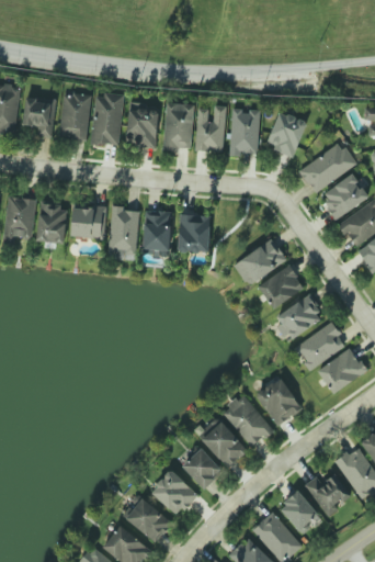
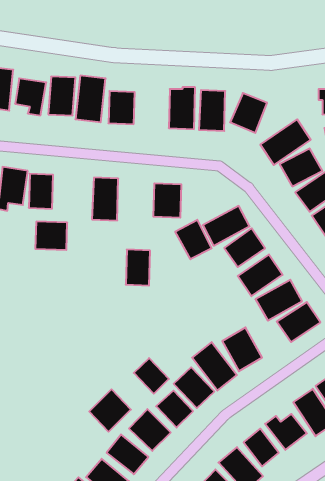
building: [163,103,193,149] -> none
building: [70,206,106,238] -> [35,222,67,250]
building: [144,211,171,251] -> [126,250,150,286]
building: none -> [175,220,212,259]
building: none -> [134,358,169,394]
building: none -> [89,389,131,432]

